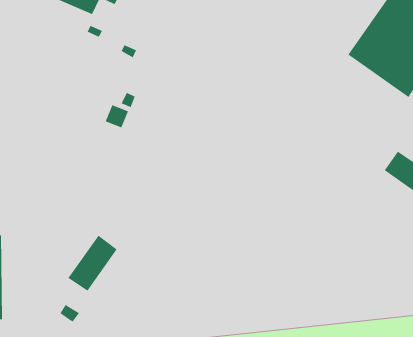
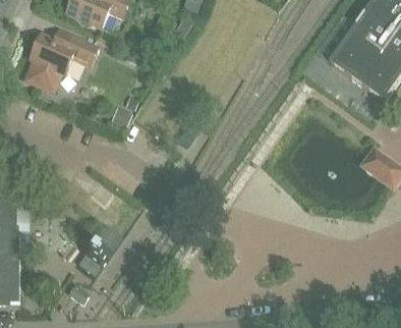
building: none -> [25,31,98,89]

